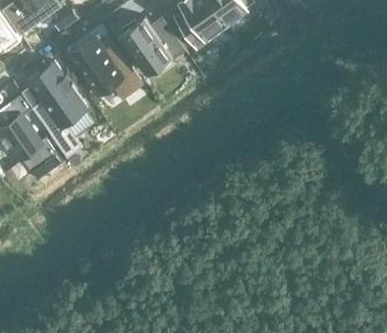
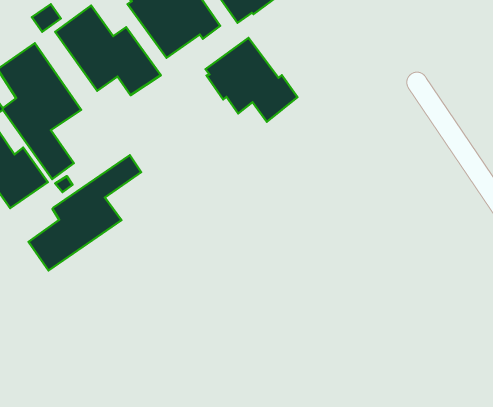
building: none -> [206,38,297,122]
building: none -> [29,155,141,271]

